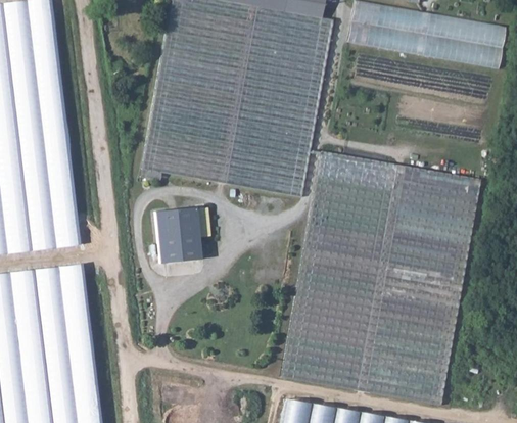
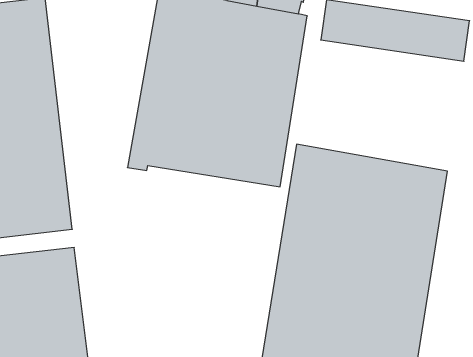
building: [155,207,210,263] -> none

